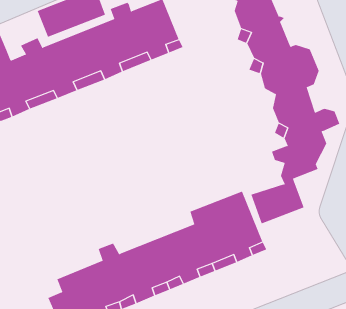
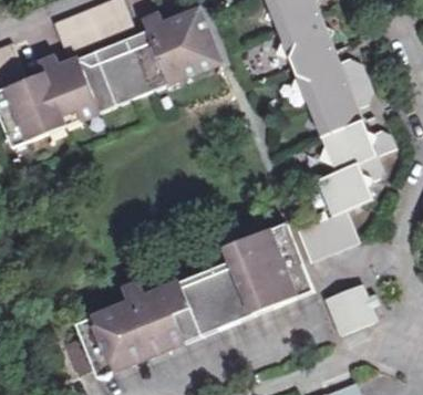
building: none -> [326,284,379,334]

